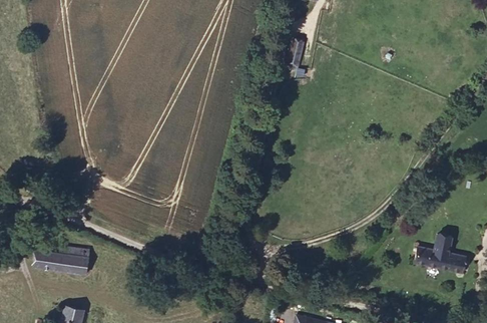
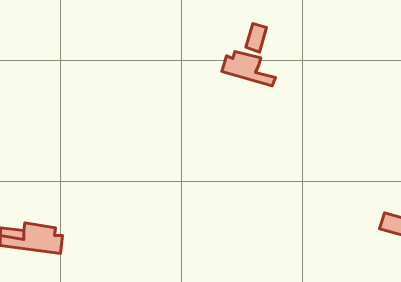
building: none -> [222,51,276,86]

